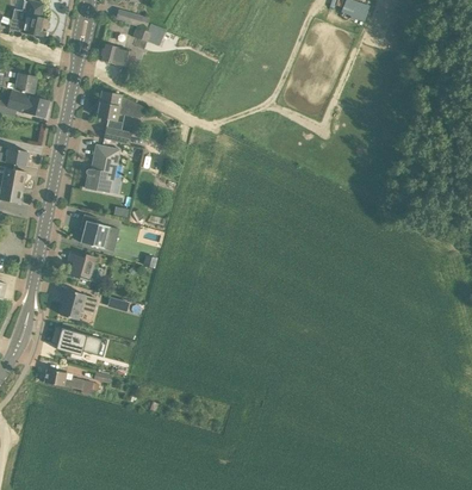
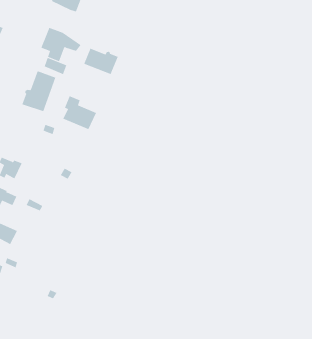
building: none -> [84,48,119,75]
building: [79,213,118,250] -> [63,96,97,130]

